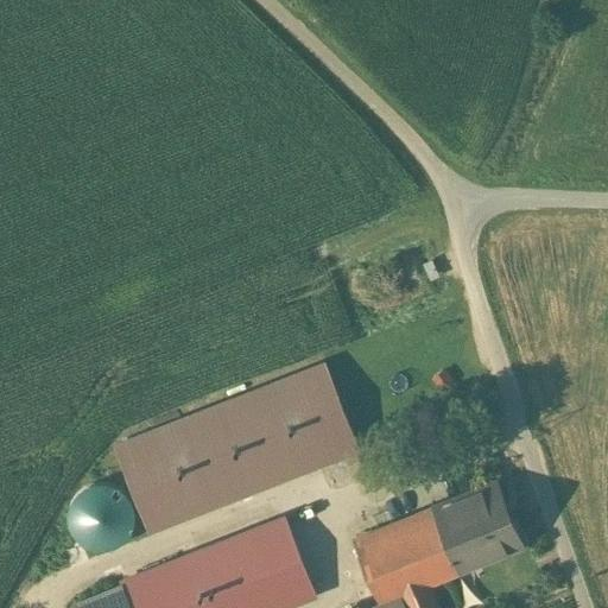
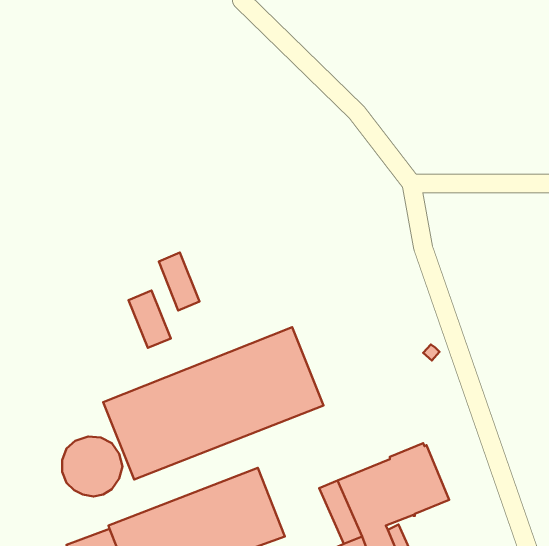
building: none -> [159,253,199,310]
building: none -> [129,290,171,348]
building: [468,482,522,556] -> none

